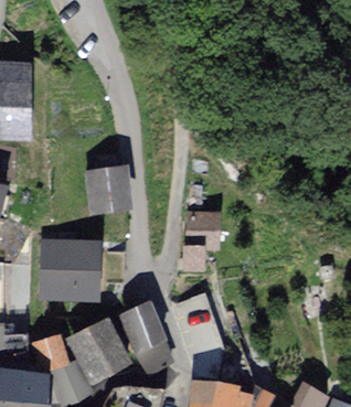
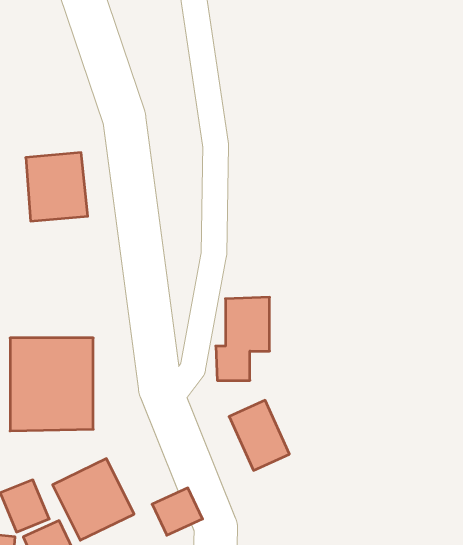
building: [88,165,130,212] -> [26,153,88,221]
building: [123,303,163,351] -> [229,400,289,470]

